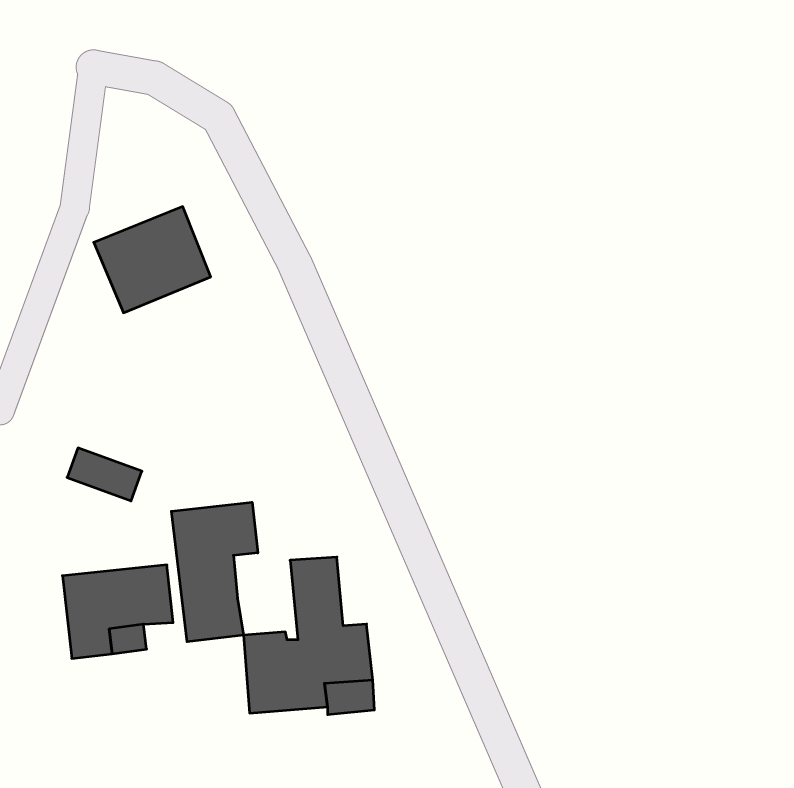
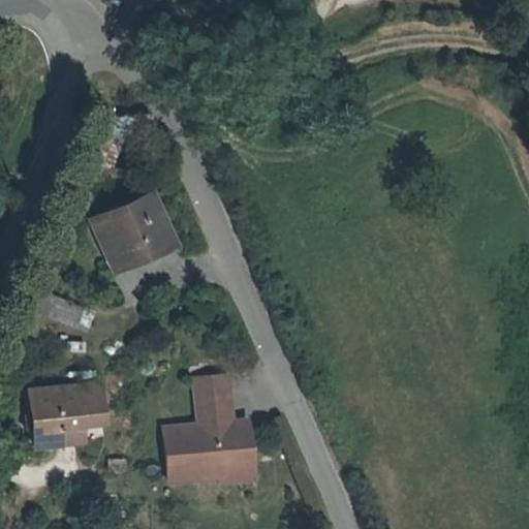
building: [94,207,211,313] -> [94,199,172,270]
building: [171,502,258,642] -> none

